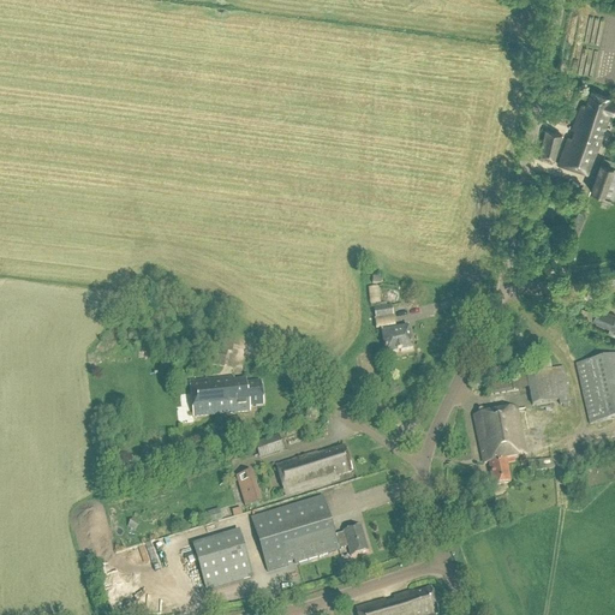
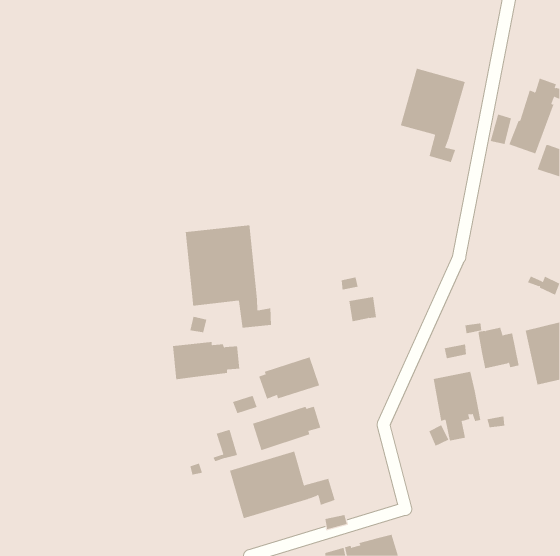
building: none -> [400,68,465,163]
building: none -> [185,225,272,328]
building: none -> [259,356,320,400]
building: [192,530,252,589] -> none

